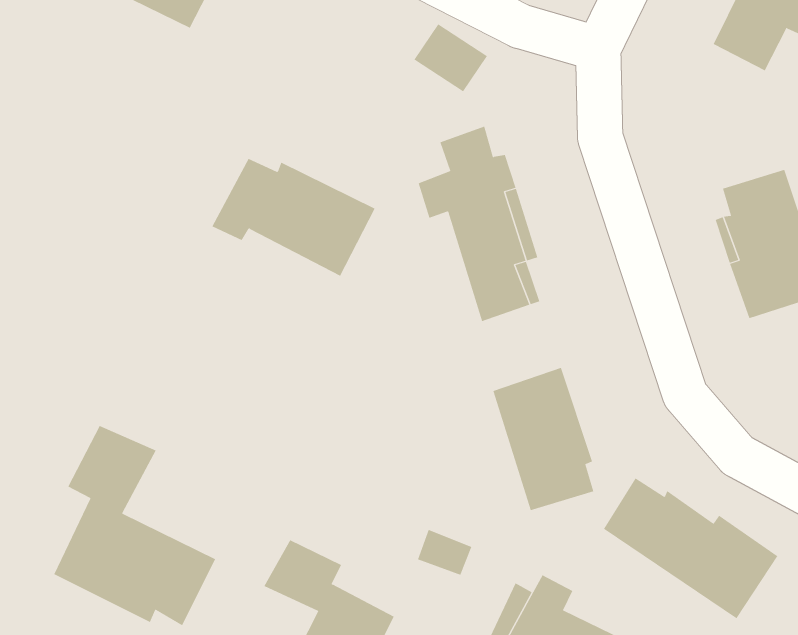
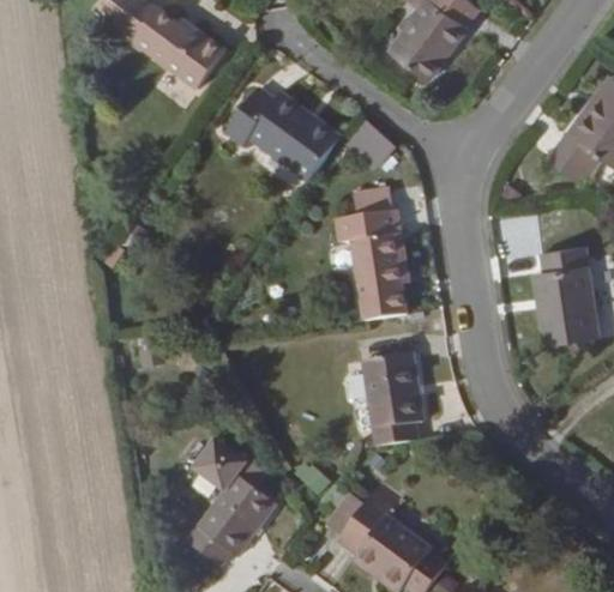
building: [212,158,375,276] -> [225,87,338,177]
building: [53,425,216,626] -> none
building: [603,478,778,619] -> none

